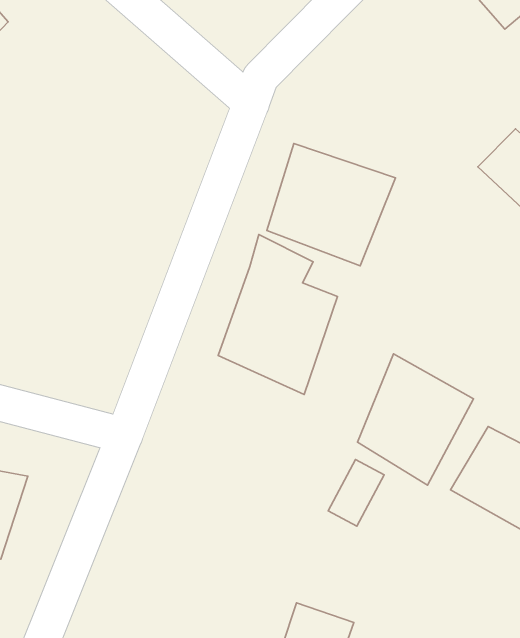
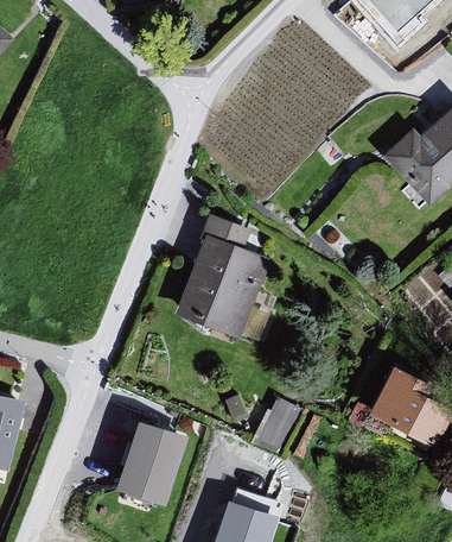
building: [267,144,396,266] -> none
building: [357,354,474,485] -> none
building: none -> [121,420,196,505]

